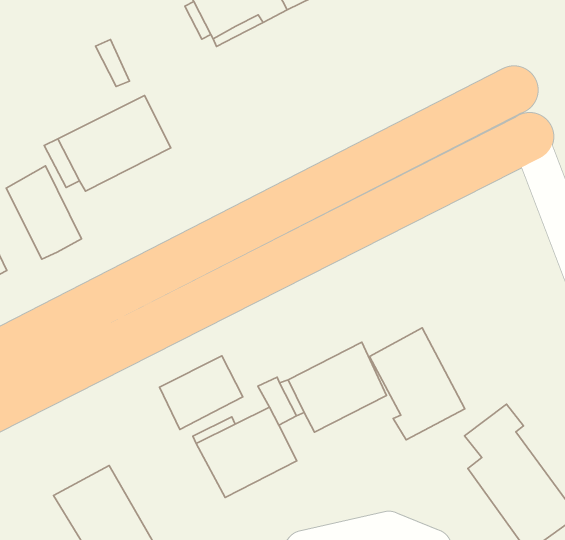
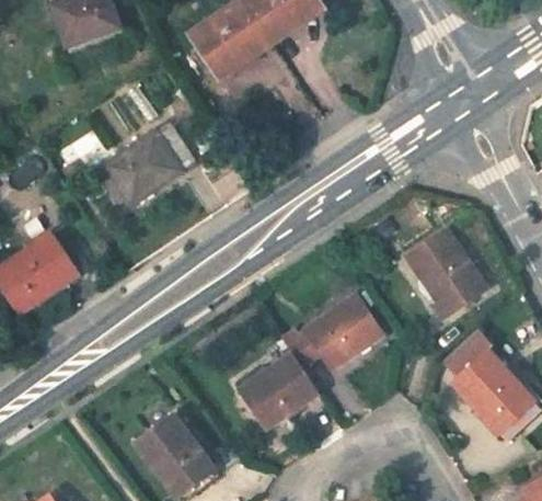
building: [6,166,82,259] -> none
building: [370,328,465,440] -> [406,229,485,318]
building: [160,356,243,429] -> none

